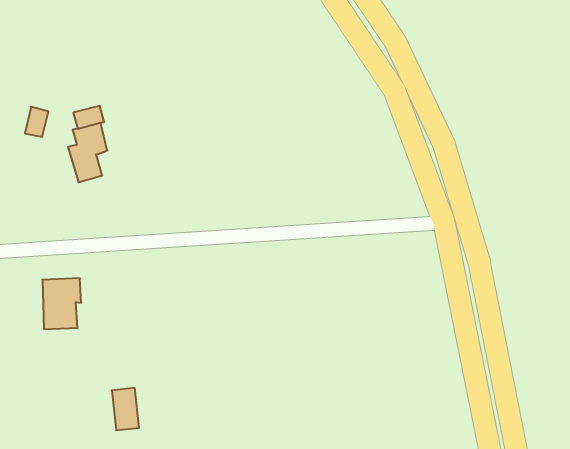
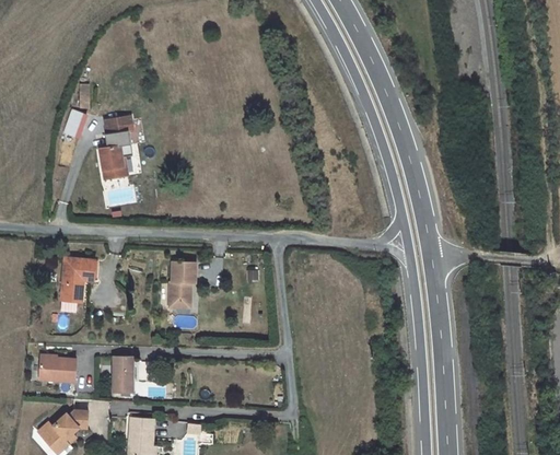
building: none -> [168,260,197,306]
building: none -> [37,355,75,382]

